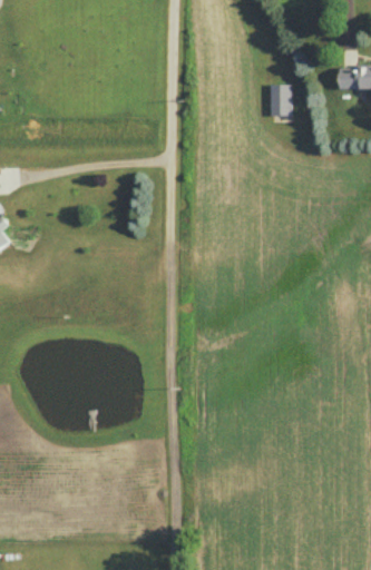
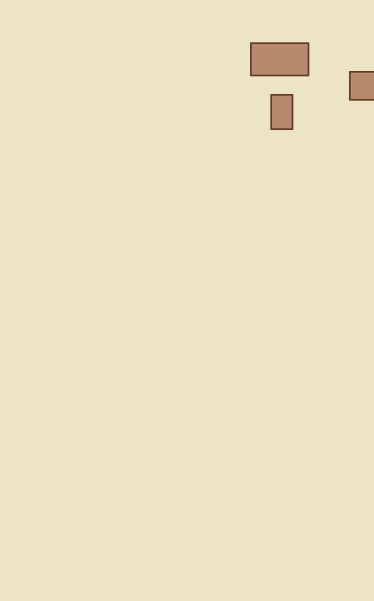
building: none -> [251,43,309,75]

